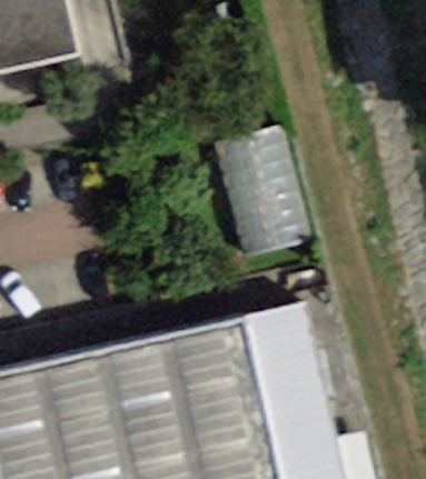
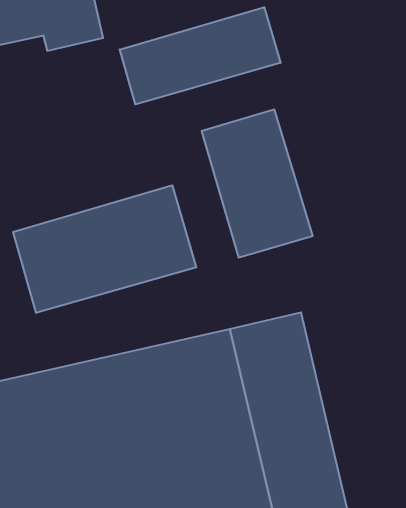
building: none -> [120,7,281,104]
building: none -> [13,185,196,313]

